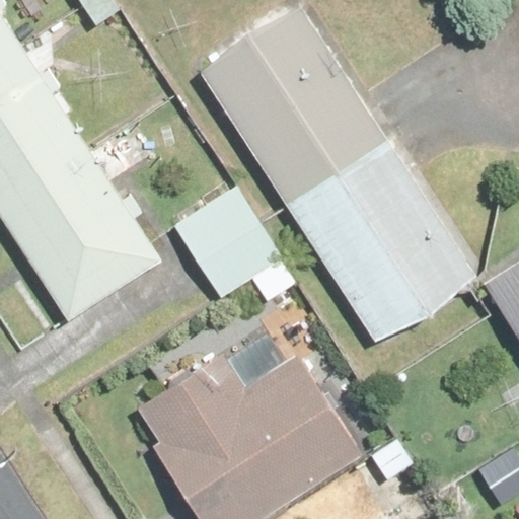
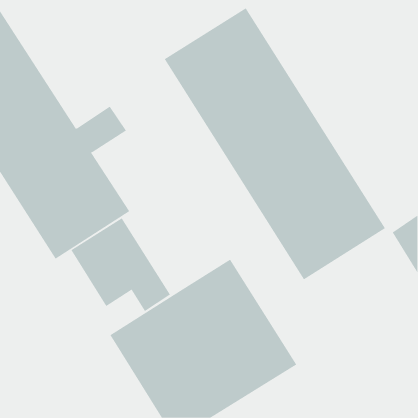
building: [174,187,298,303] -> [70,217,171,312]

